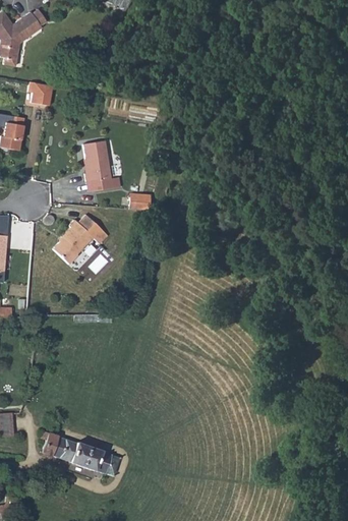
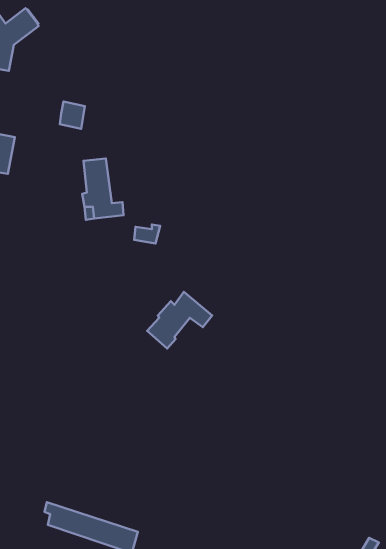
building: [27,85,49,109] -> [60,102,85,129]
building: [55,212,111,260] -> [147,292,212,348]

